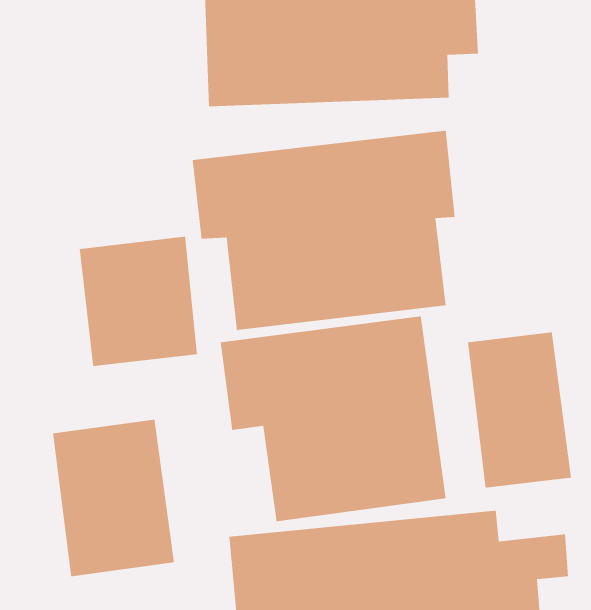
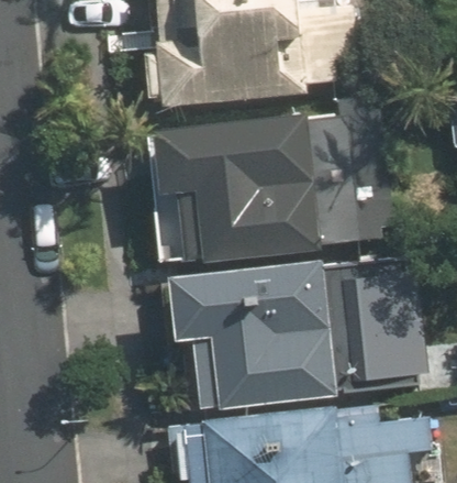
building: [79,236,197,367] -> none
building: [53,419,174,577] -> none

